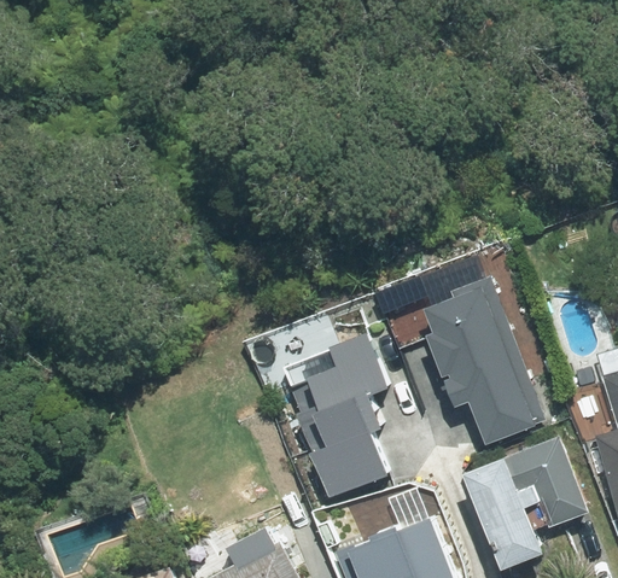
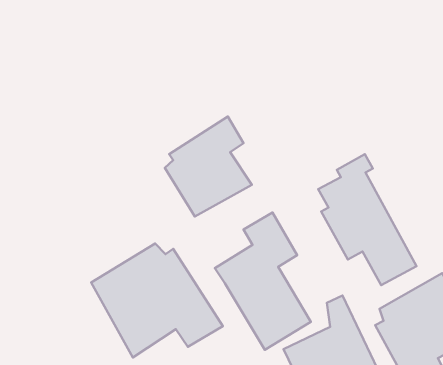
building: none -> [165,117,252,216]
building: none -> [91,243,223,358]

